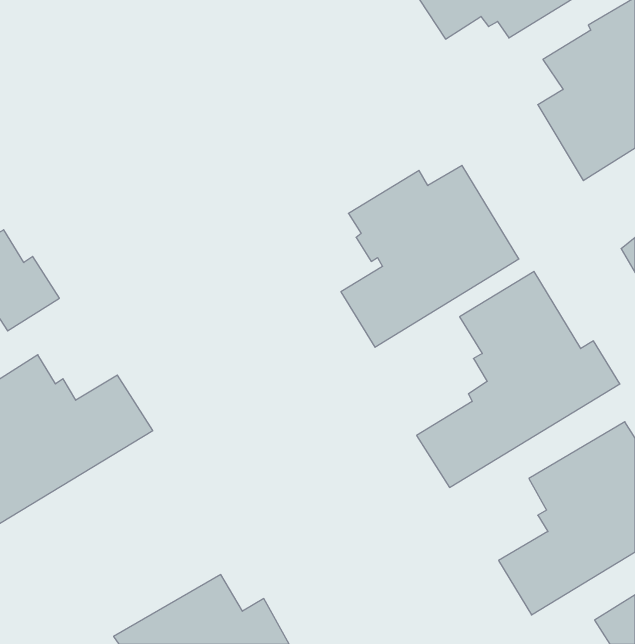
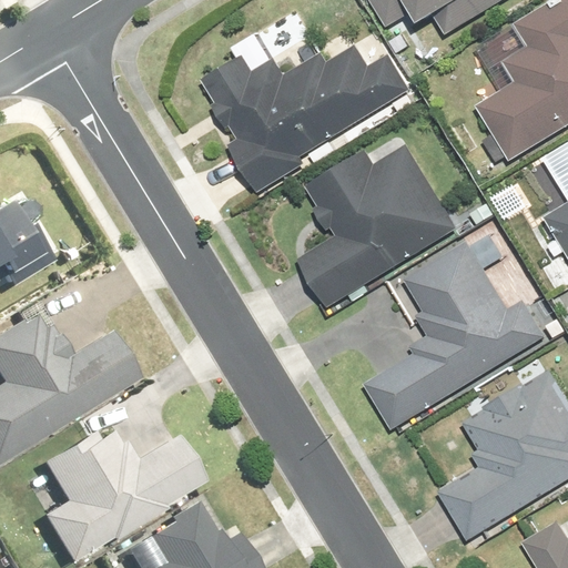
building: none -> [203,44,412,193]
building: none -> [29,426,200,560]

